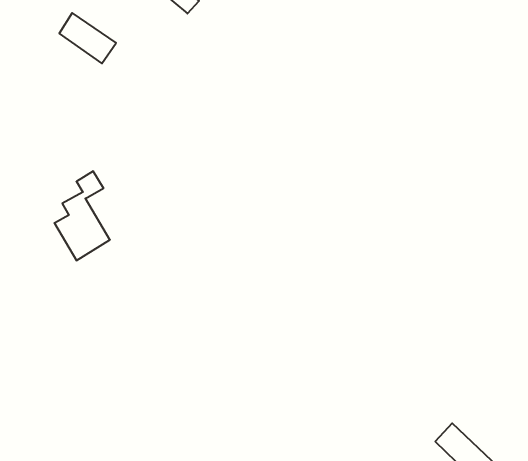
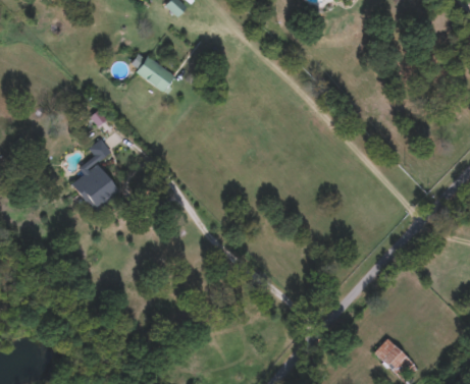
building: [59,13,116,63] -> [130,51,175,91]

